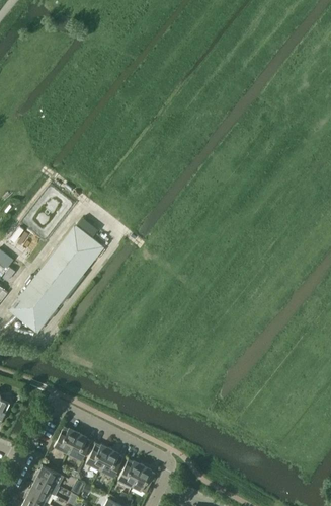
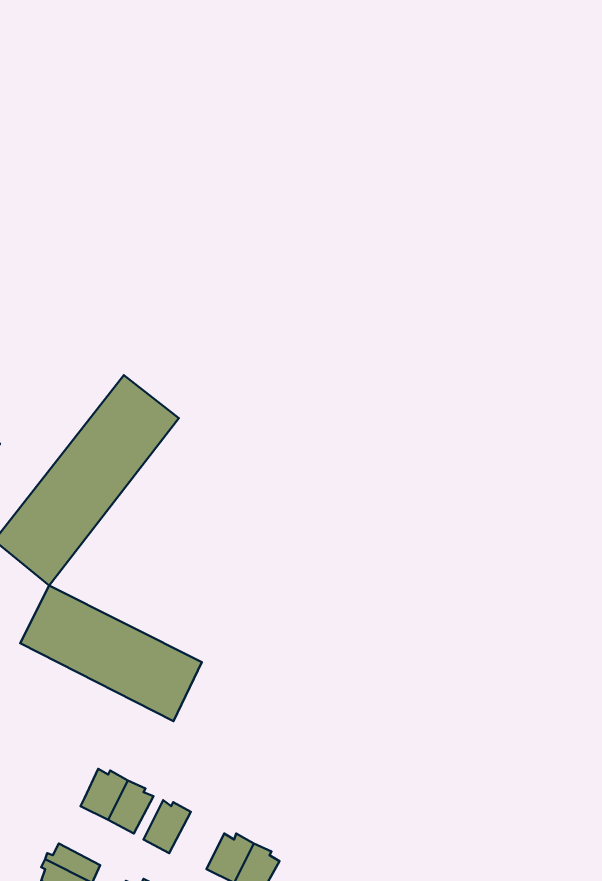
building: none -> [20,586,202,721]
building: [99,449,123,478] -> none

